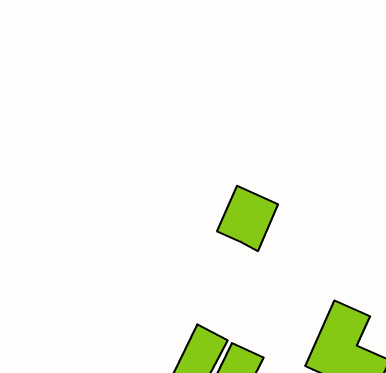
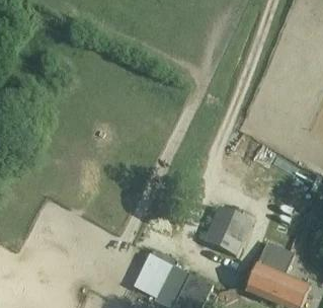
building: [217,186,278,251] -> [203,205,249,254]

